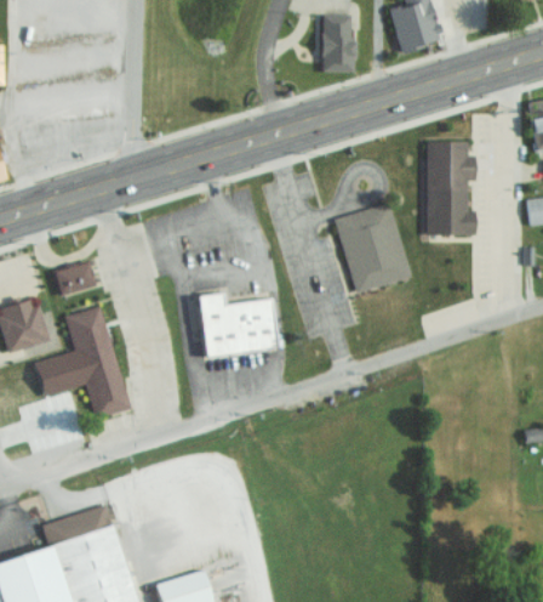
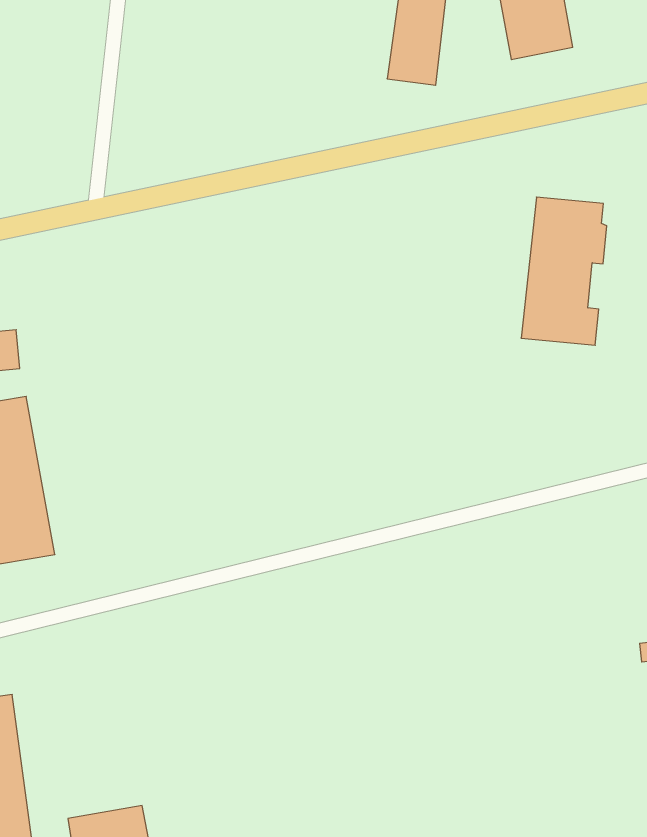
building: [333,203,410,294] -> none
building: [198,293,278,356] -> none

